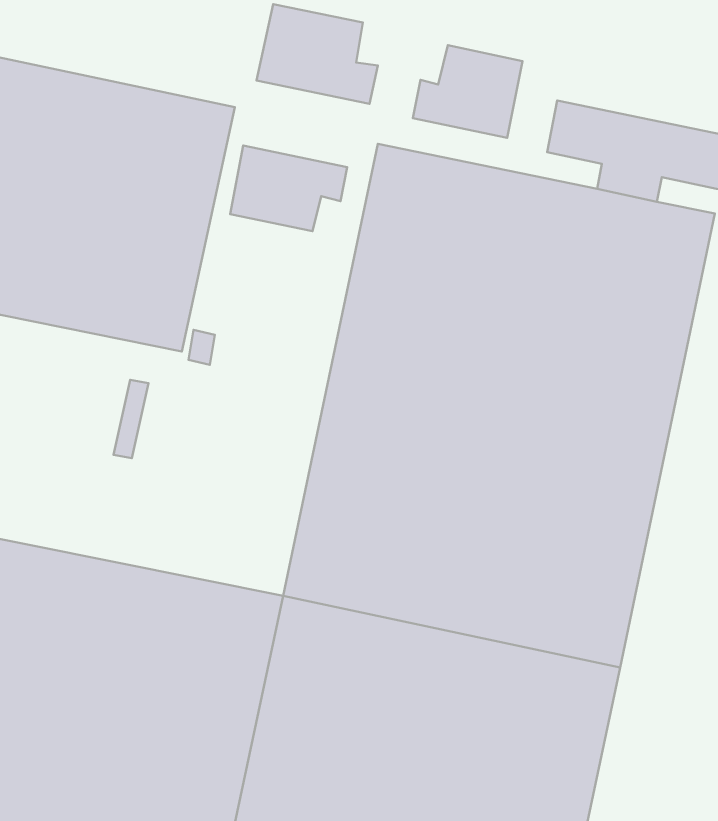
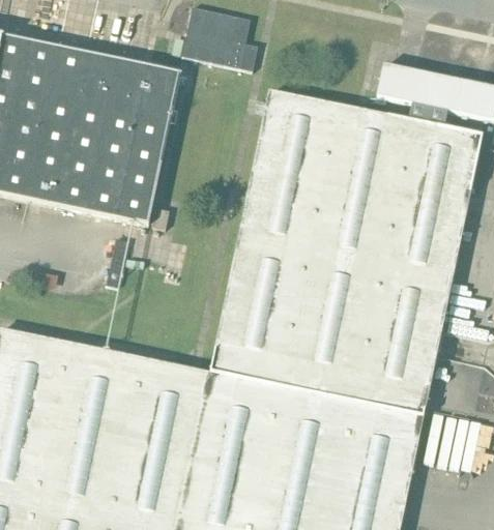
building: [413,45,522,138] -> none
building: [230,146,347,231] -> none

